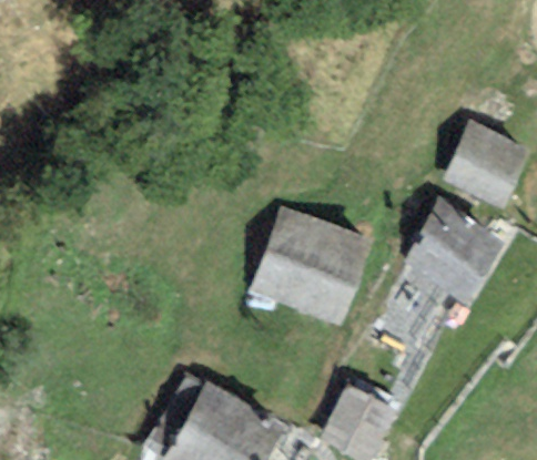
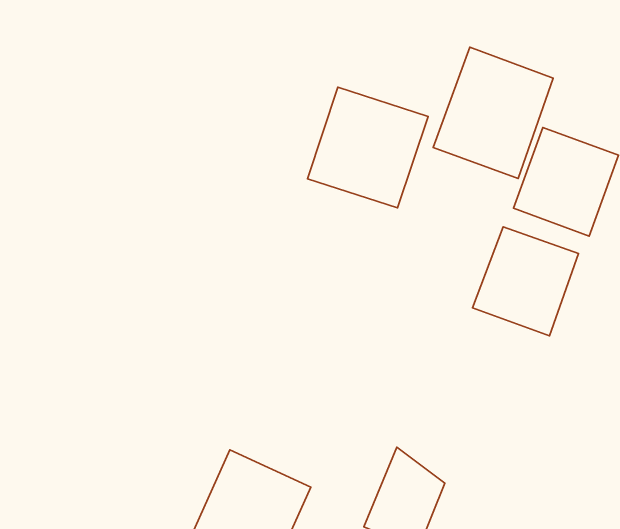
building: none -> [433,47,553,178]
building: [255,217,356,318] -> [307,87,428,208]

